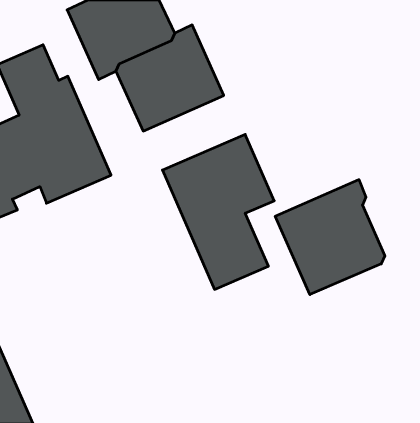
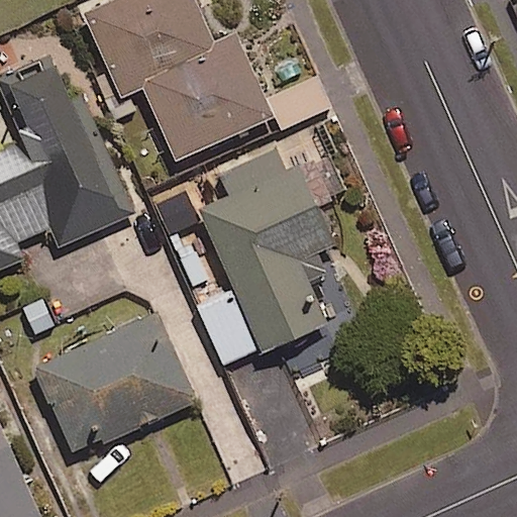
building: [275,180,385,295] -> none
building: none -> [32,312,194,452]

